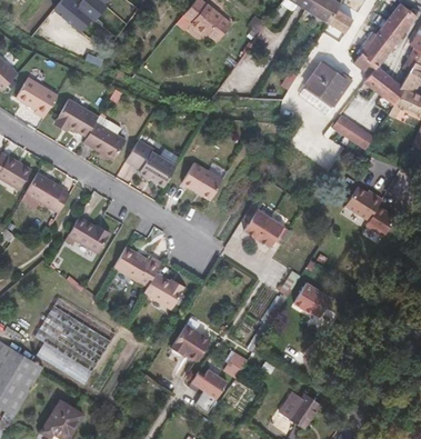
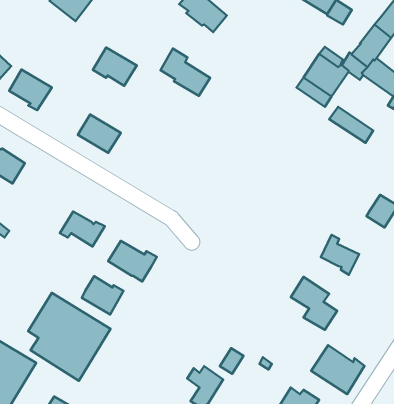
building: [56,99,99,137] -> [93,47,137,86]
building: [127,139,176,186] -> [160,49,210,96]
building: [182,163,222,199] -> none
building: [26,173,69,213] -> none
building: [348,182,385,217] -> none
building: [244,208,284,246] -> none
building: none -> [321,235,359,275]
building: [143,272,184,310] -> [82,276,124,315]
building: [171,323,210,360] -> none
building: none -> [311,345,364,394]

